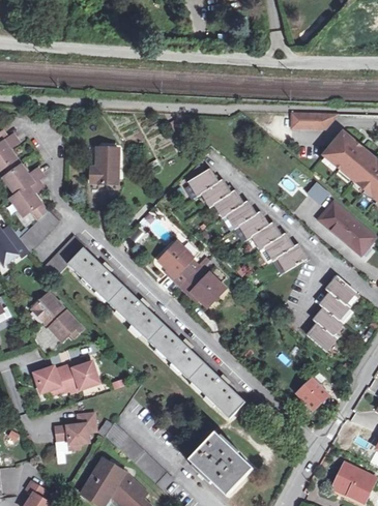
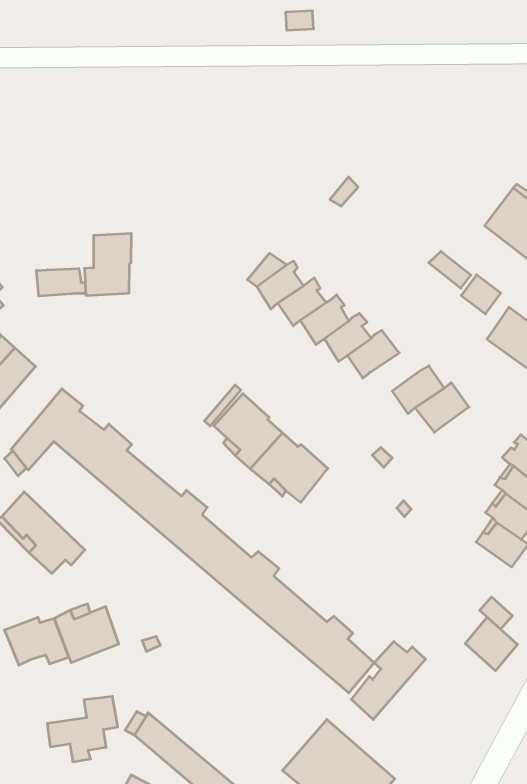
building: [289,112,336,128] -> none
building: none -> [36,268,85,296]
building: [251,221,278,248] -> none
building: none -> [351,641,426,720]

